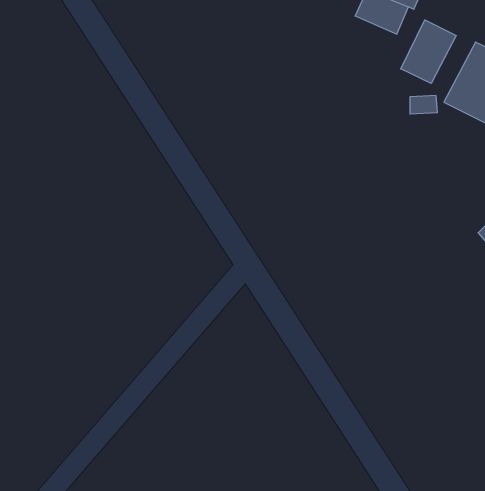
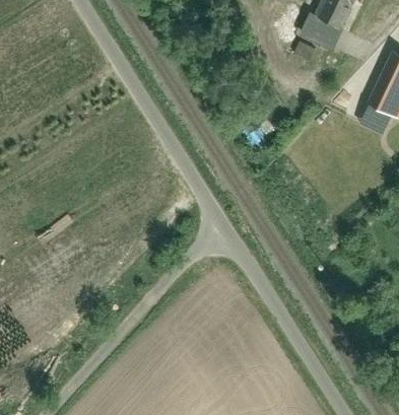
building: [401,20,456,83] -> none

